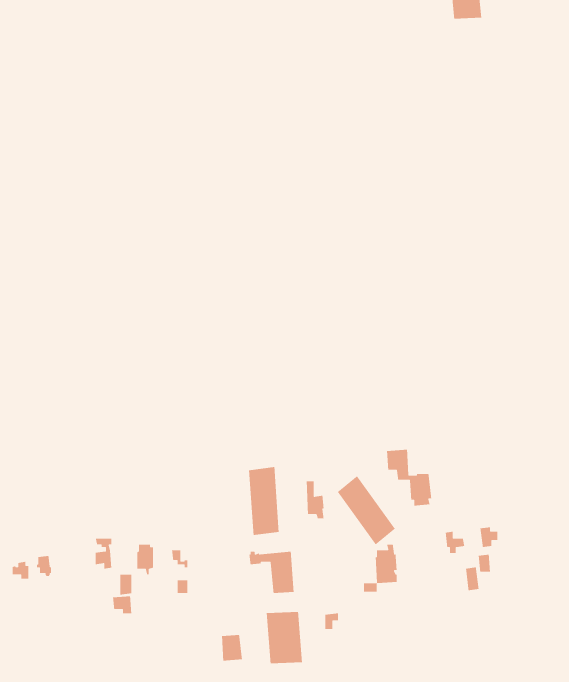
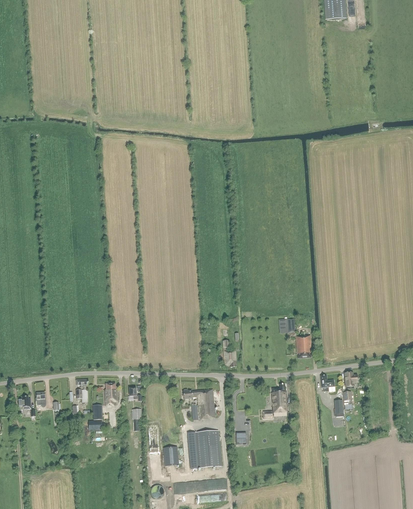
building: [248,466,280,536] -> none
building: [337,475,396,545] -> none

